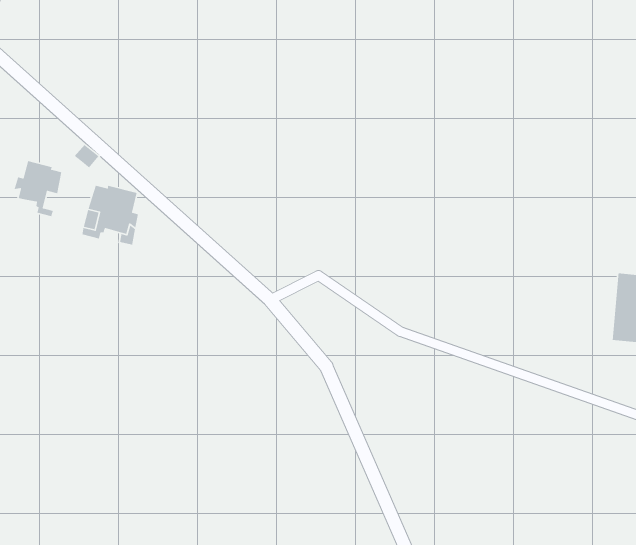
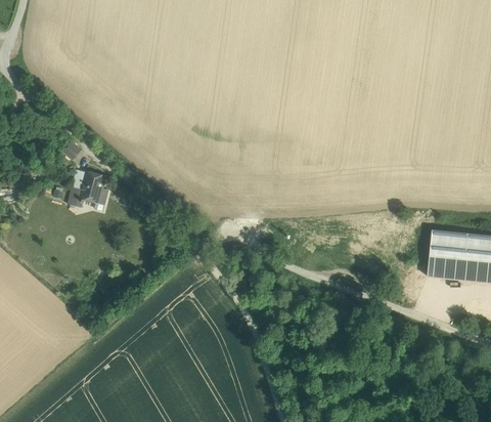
building: [14,160,62,217] -> none

